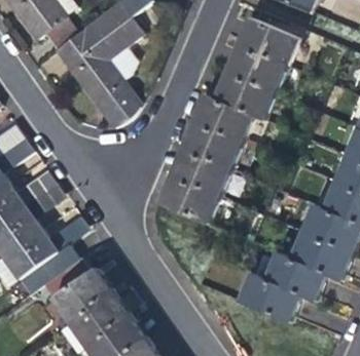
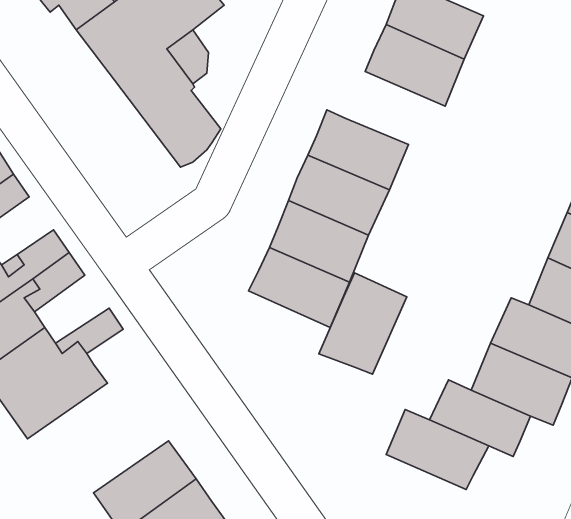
building: [215,74,274,121] -> none
building: none -> [319,273,407,374]
building: [37,258,110,322] -> none

